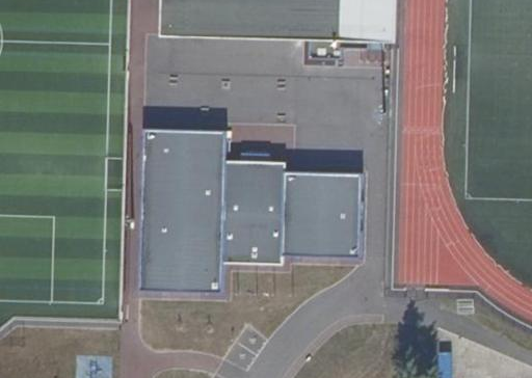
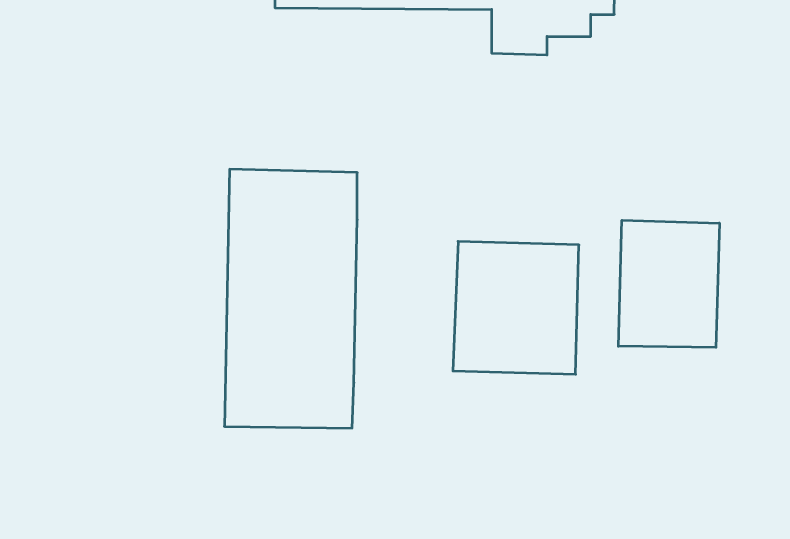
building: [221,160,286,263] -> none
building: none -> [618,220,719,347]

